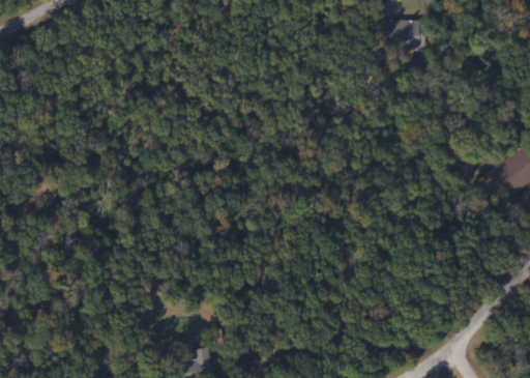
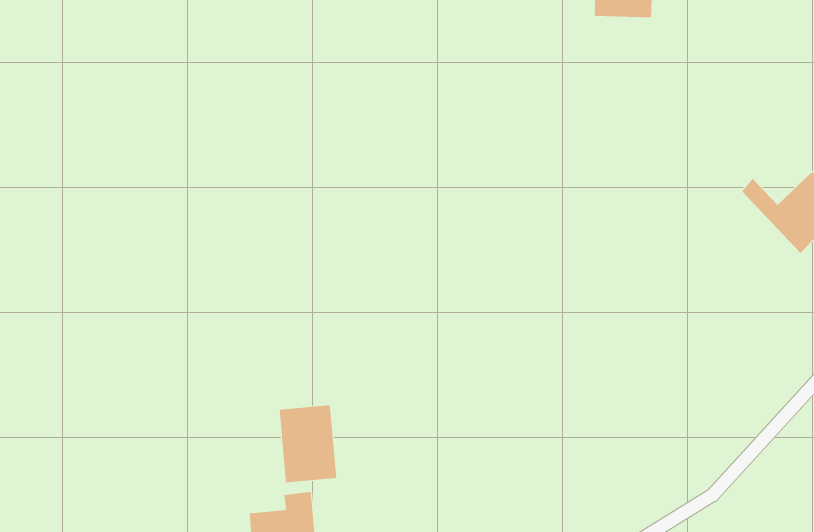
building: none -> [279,404,337,483]

